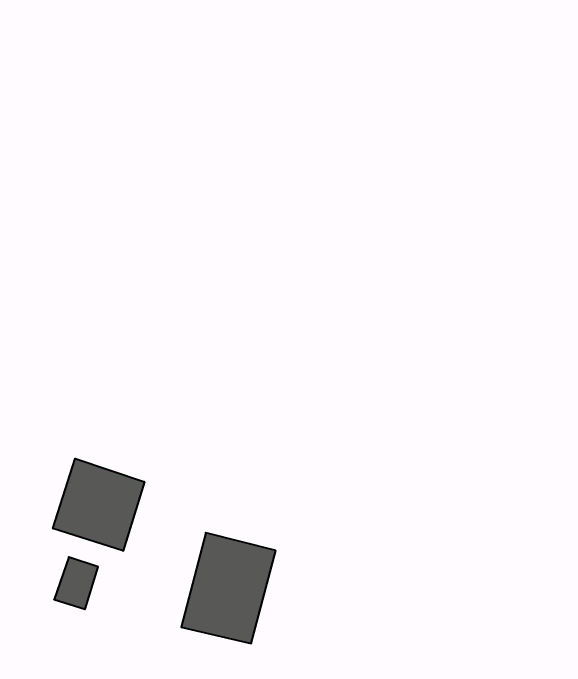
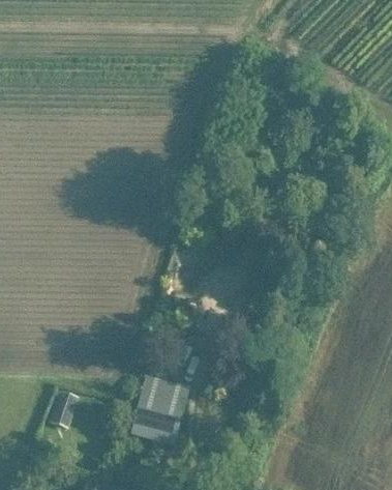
building: [53,459,144,551] -> none

